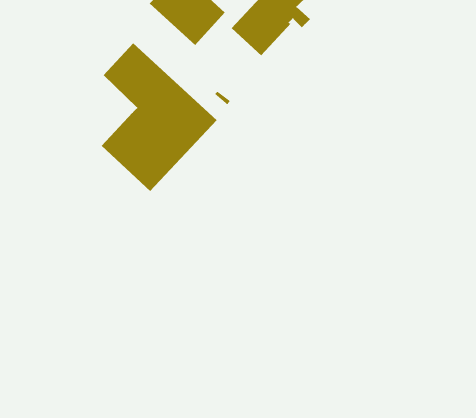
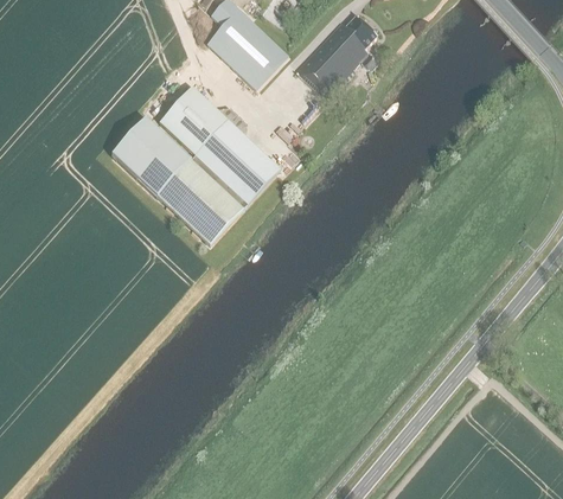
building: none -> [113,117,190,194]

